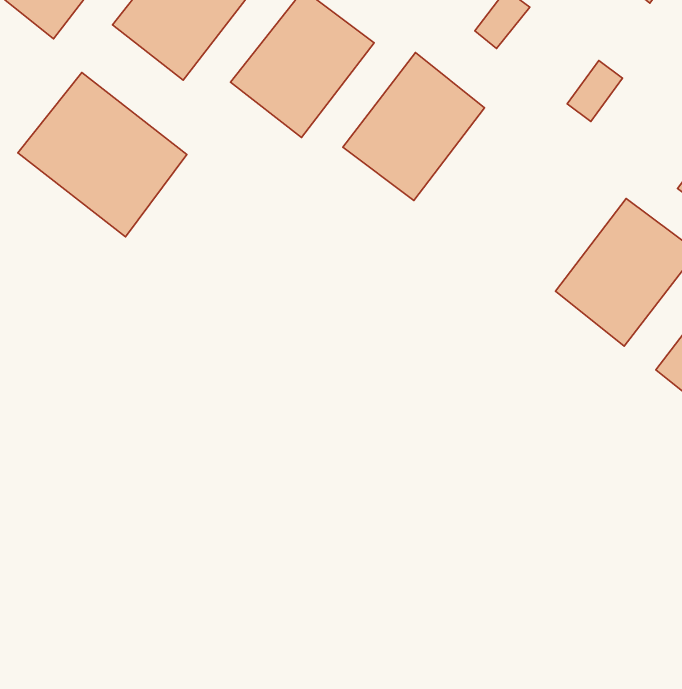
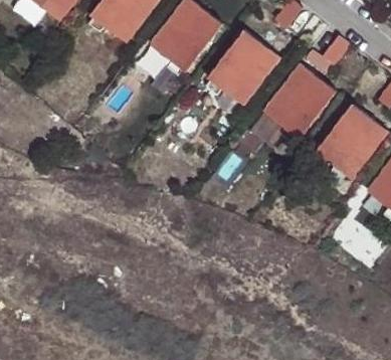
building: [18,72,187,237] -> none
building: none -> [263,63,337,139]

